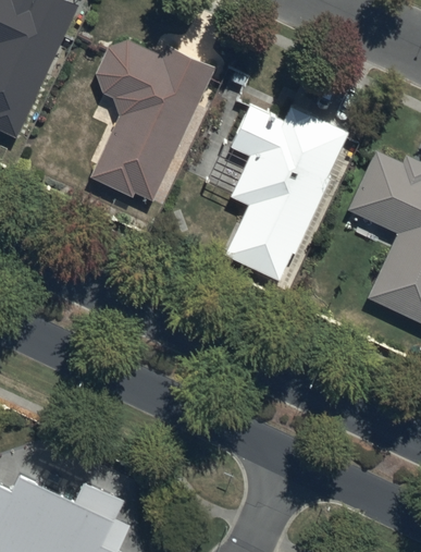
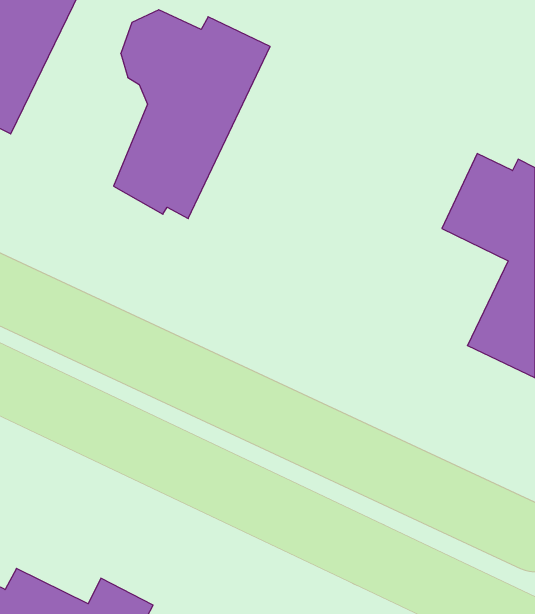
building: [224,105,347,281] -> none

